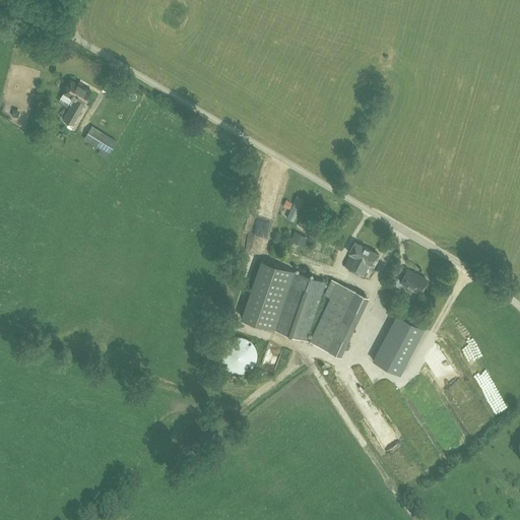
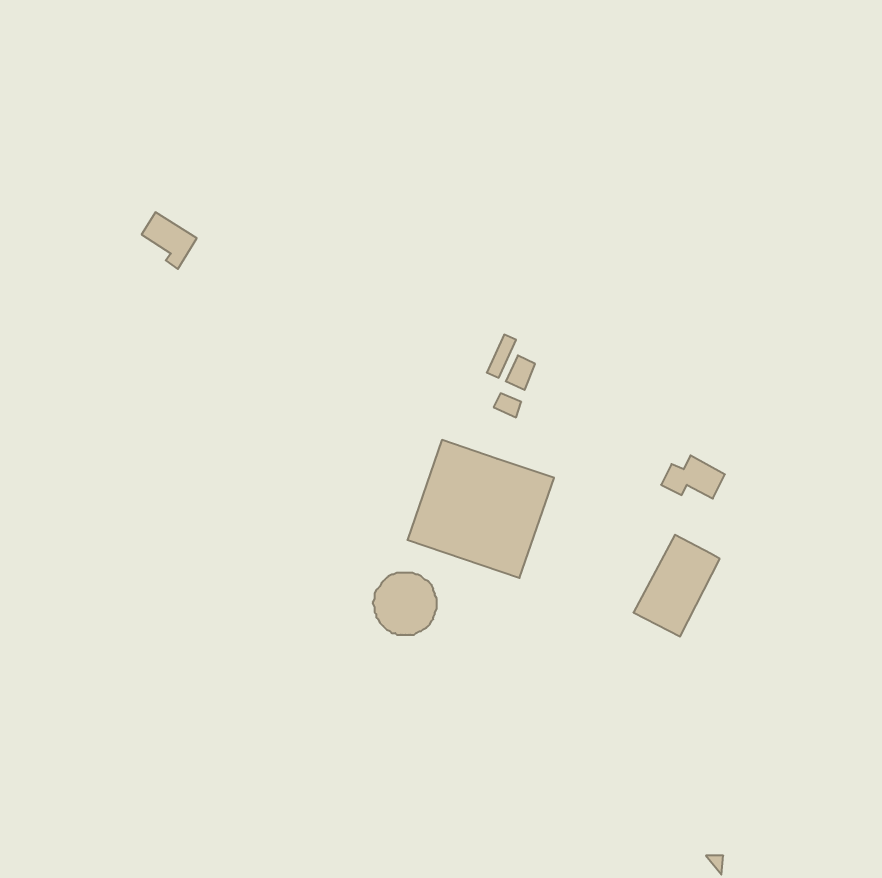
building: [63,81,91,126] -> none
building: [344,243,379,277] -> none
building: [309,280,369,358] -> none

